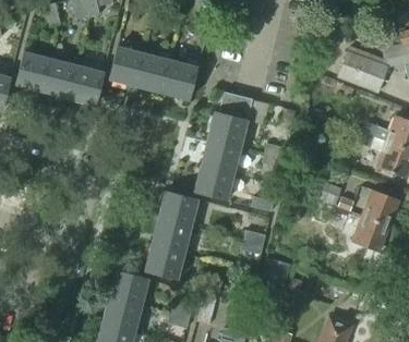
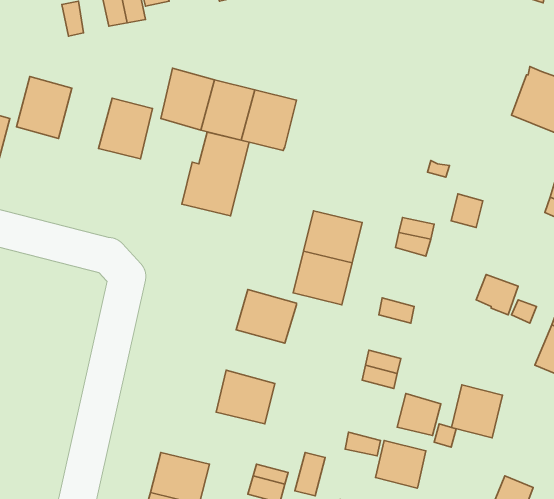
building: [44,60,79,99] -> none
building: [209,93,253,147] -> [182,132,249,216]
building: [153,217,191,252] -> none
building: none -> [452,385,502,438]
building: [110,270,148,304] -> none
building: none -> [375,440,426,488]

